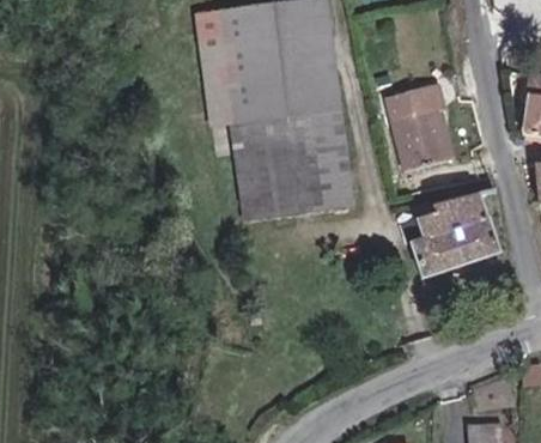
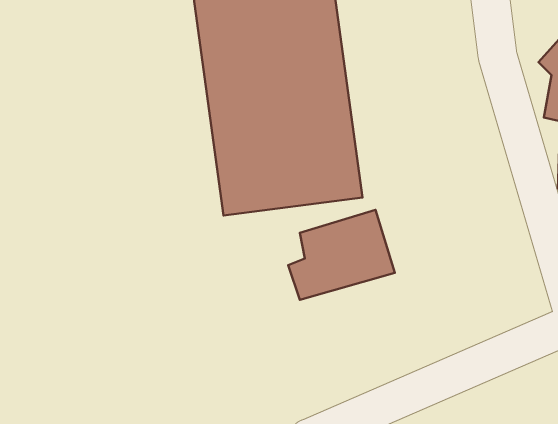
building: [390,79,457,168] -> none
building: [403,196,503,280] -> [288,210,395,300]

